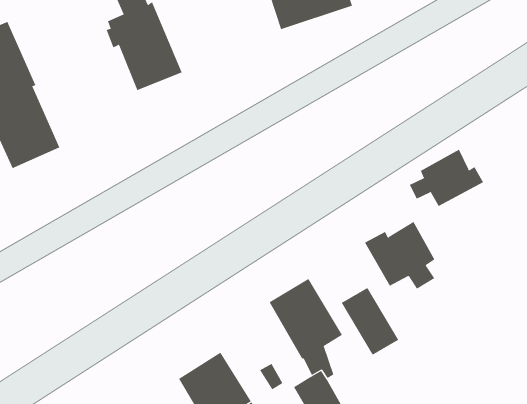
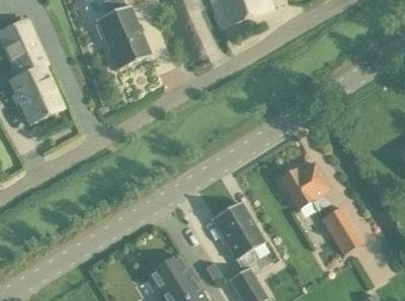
building: [409,149,484,207] -> none
building: [341,287,399,355] -> [322,204,363,253]

